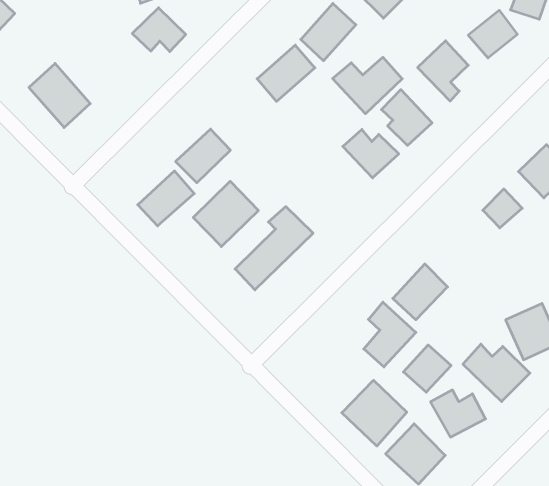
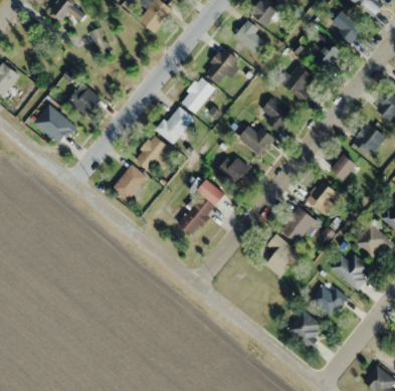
building: [132,8,186,52] -> [66,83,101,112]
building: [333,57,402,114] -> none
building: none -> [156,108,193,142]
building: none -> [216,153,249,187]
building: [193,181,258,247] -> none
building: none -> [305,180,336,216]
building: [403,345,451,392] -> none
building: [342,380,407,446] -> none

